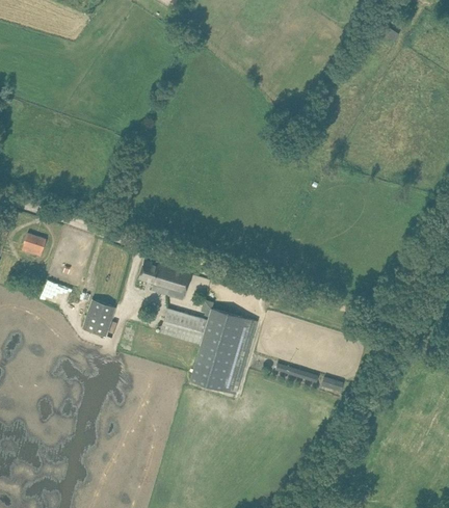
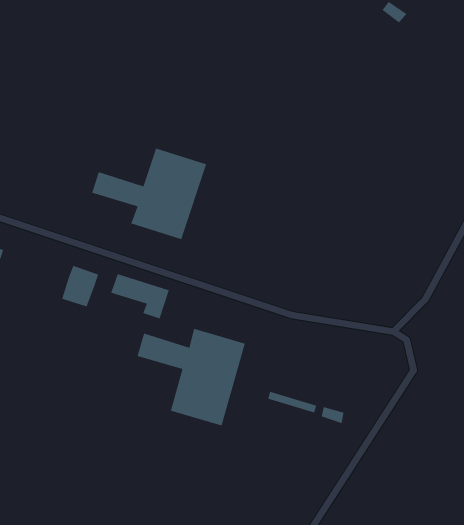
building: none -> [91,147,207,240]
building: [81,298,114,336] -> [61,265,99,308]

